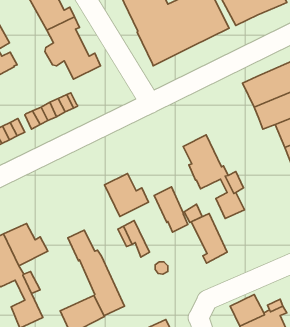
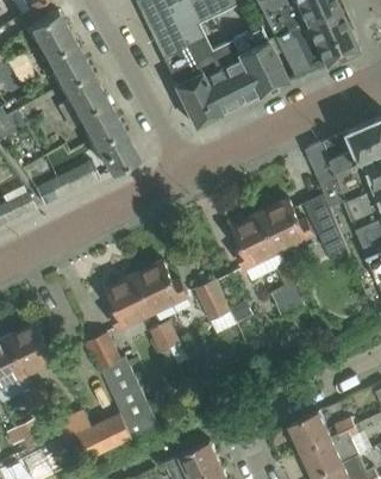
building: none -> [94,127,137,172]
building: none -> [304,193,345,255]
building: none -> [258,199,313,253]
building: none -> [105,275,151,330]
building: [191,213,227,263] -> none

